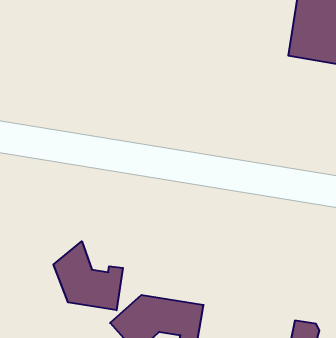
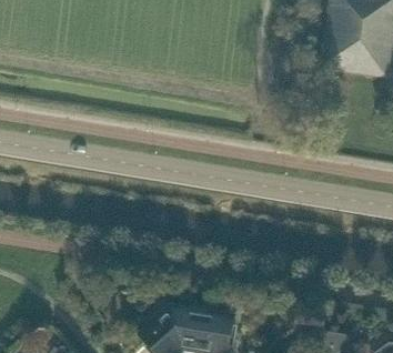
building: [53,241,123,310] -> none

